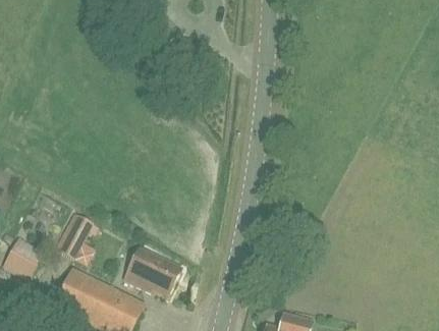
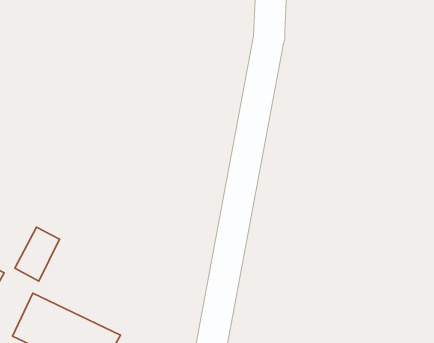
building: [122,245,182,296] -> none

